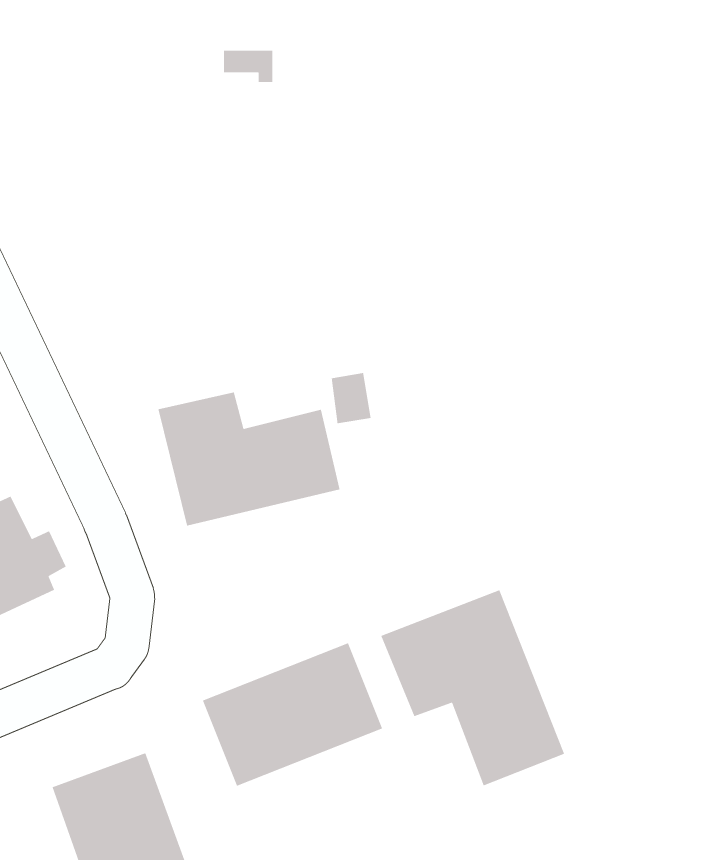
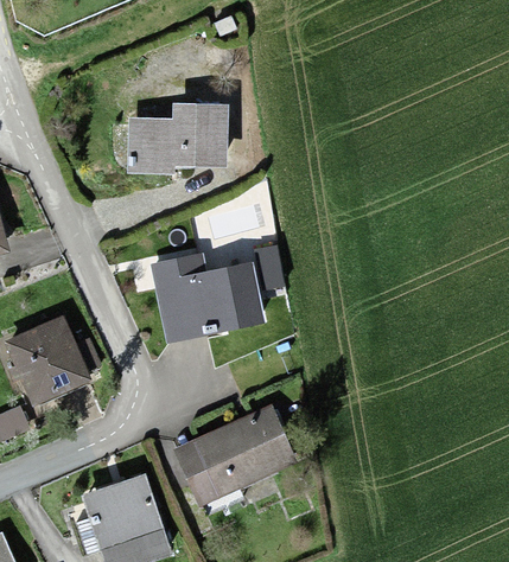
building: none -> [132,104,224,165]
building: [380,589,565,787] -> none

